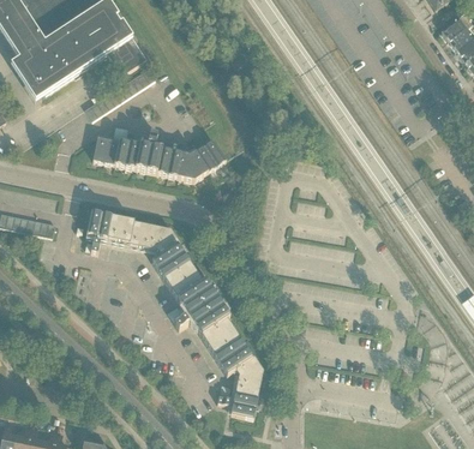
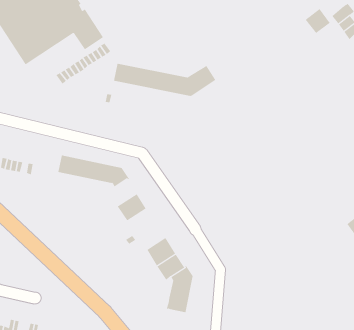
building: none -> [305,8,330,34]
building: [92,137,226,180] -> [113,63,216,96]
building: [151,243,190,279] -> none
building: [176,280,229,335] -> none

